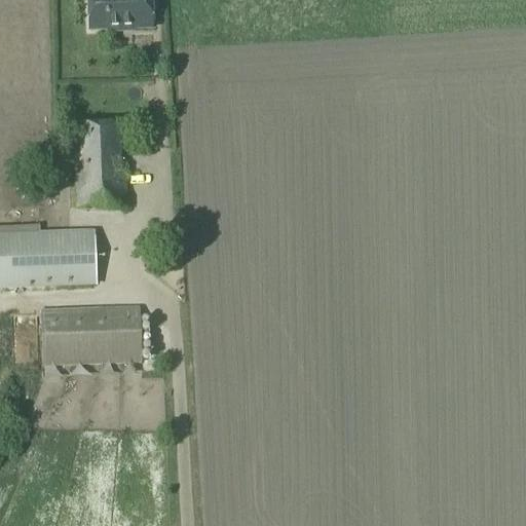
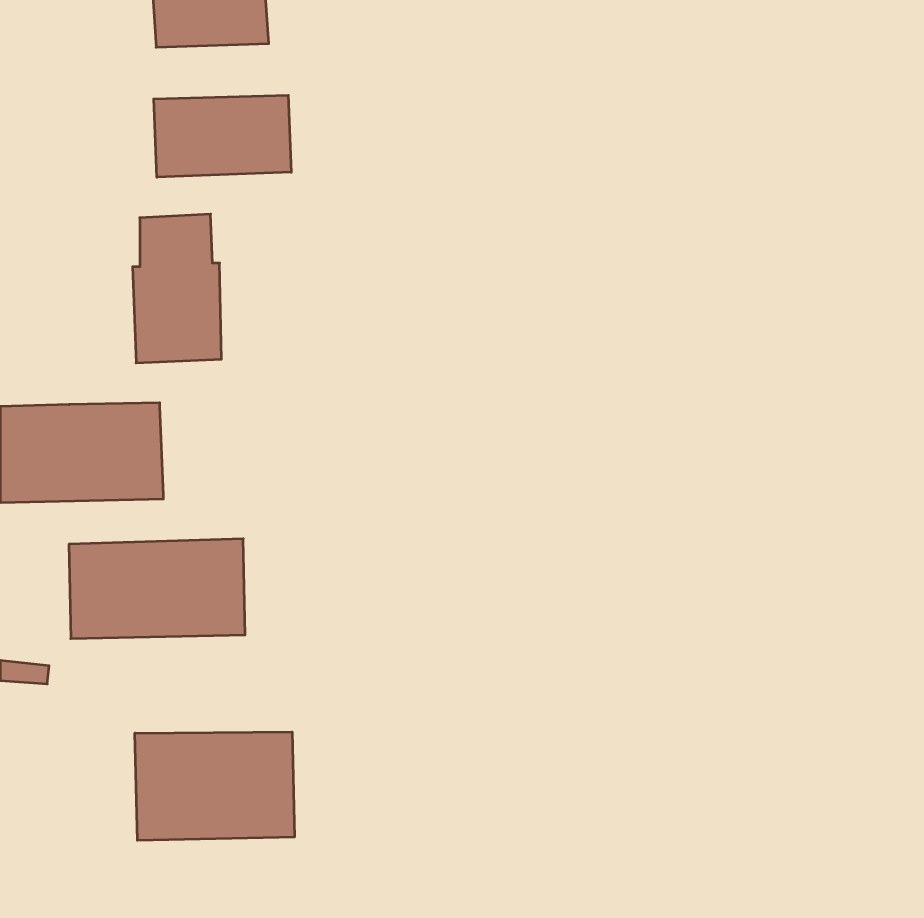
building: none -> [154,95,291,177]
building: none -> [135,732,294,840]

